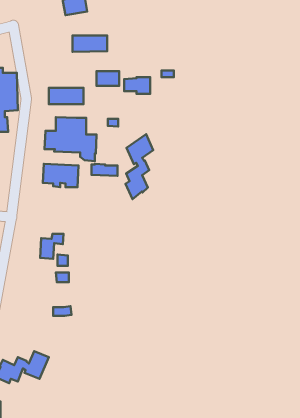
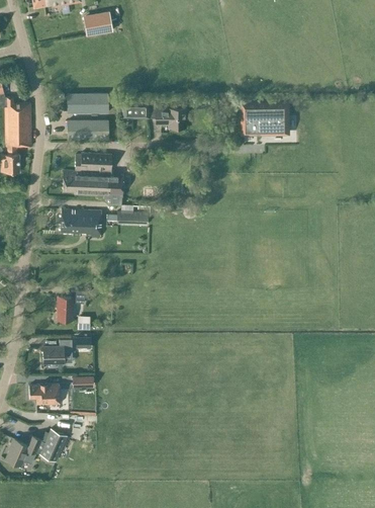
building: [73,35,107,52] -> [67,94,107,113]
building: none -> [243,104,287,134]
building: [125,134,153,199] -> none
building: none -> [42,340,72,363]
building: none -> [28,384,59,405]

